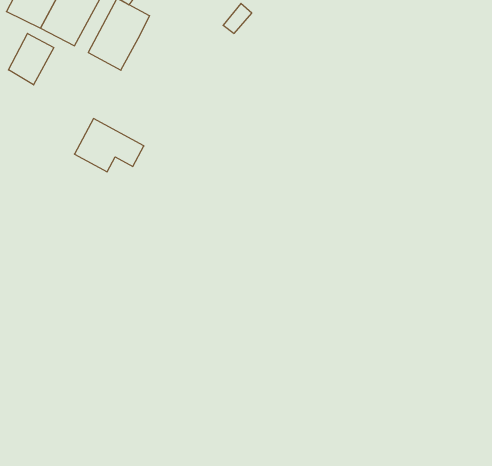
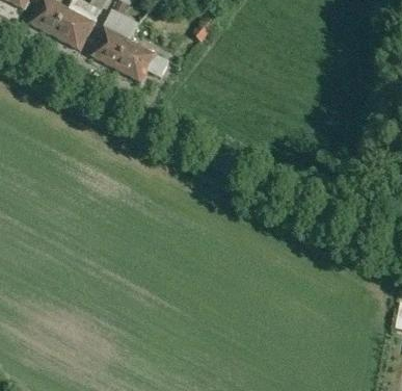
building: [8,33,54,85] -> none
building: [74,119,144,172] -> [114,41,167,81]

